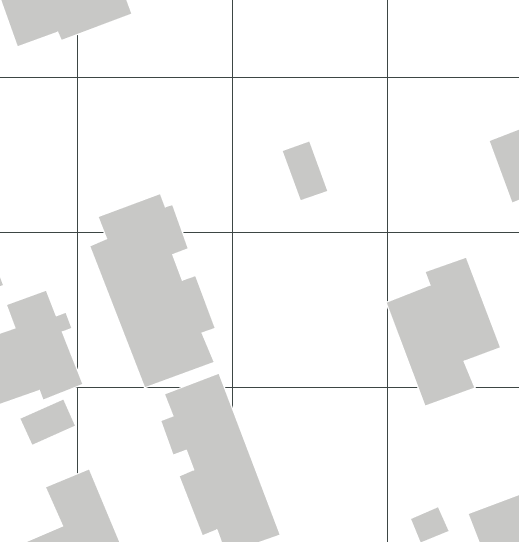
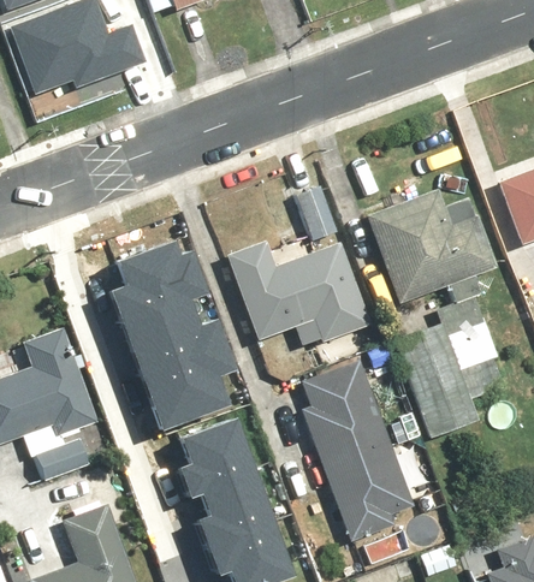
building: none -> [363,186,499,308]
building: none -> [227,237,381,368]
building: none -> [299,362,415,546]

